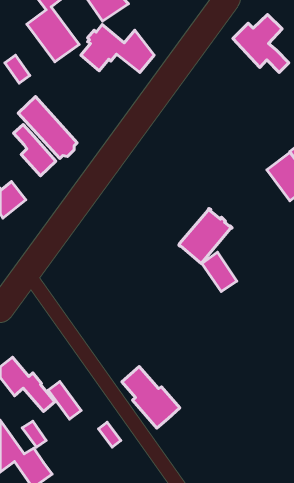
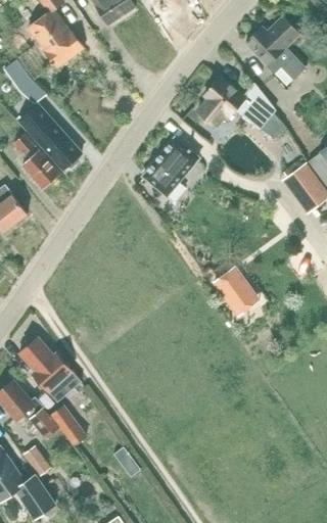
building: [81,24,154,73] -> [197,77,275,128]
building: [179,209,232,264] -> [143,137,199,195]
building: [122,366,180,428] -> [19,336,81,401]

